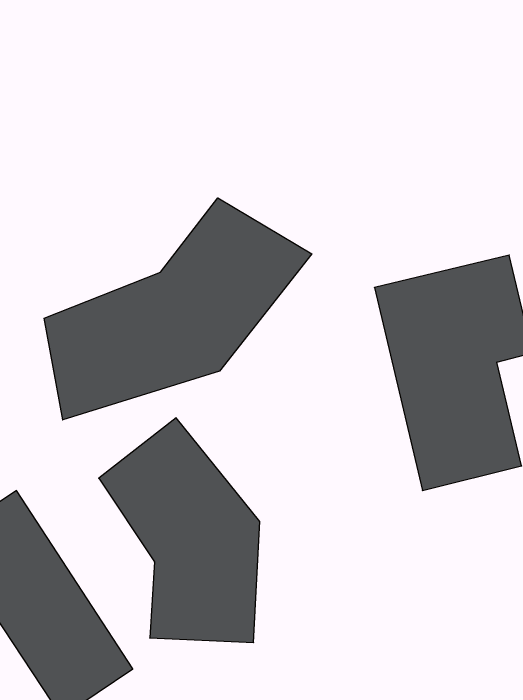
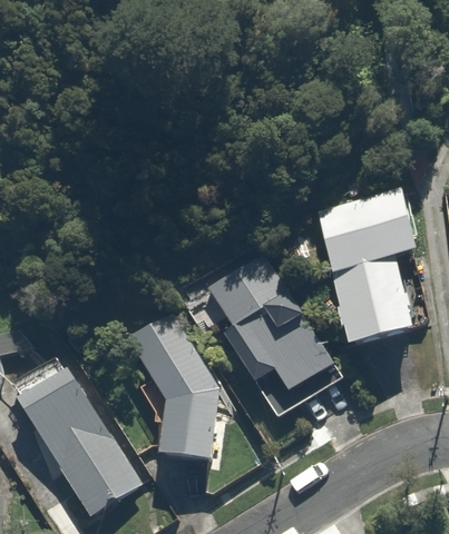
building: [44,198,312,420] -> none
building: none -> [198,246,342,402]

